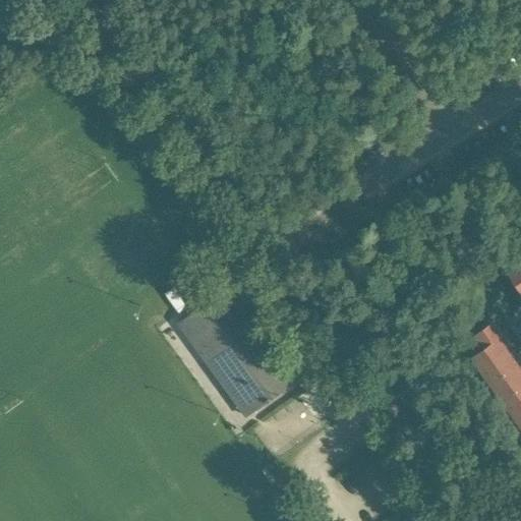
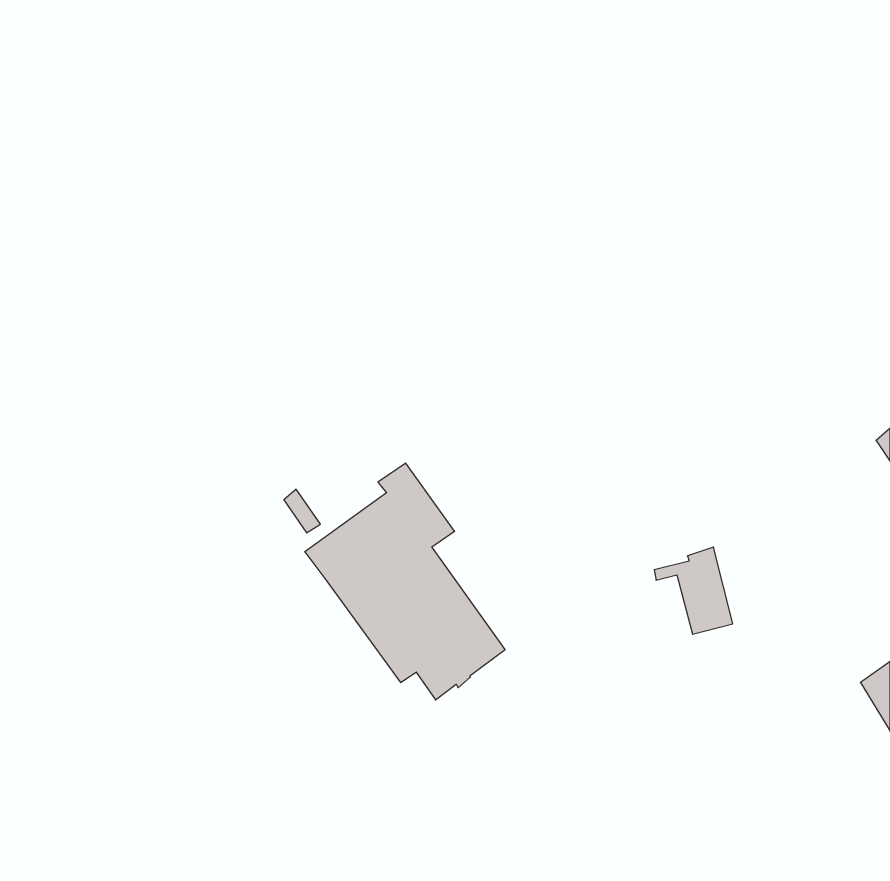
building: [465,337,511,388] -> [654,547,733,634]

